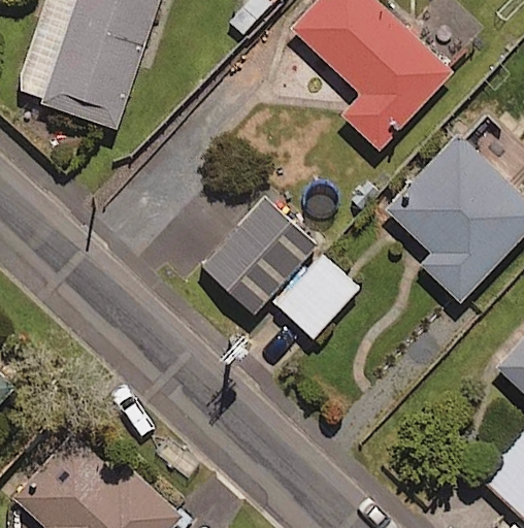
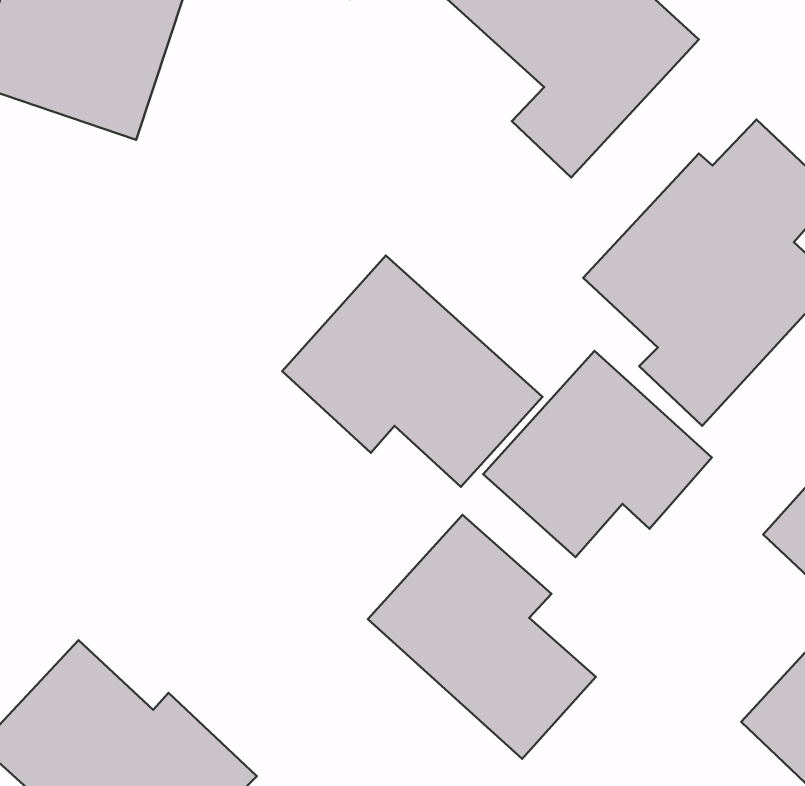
building: none -> [483,351,712,557]
building: none -> [368,515,596,759]

